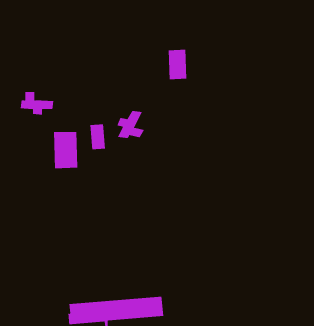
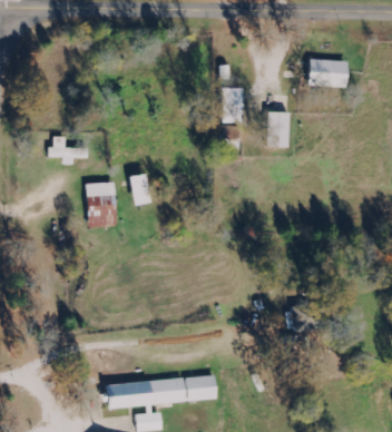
building: none -> [308,60,346,88]
building: none -> [266,112,288,148]
building: [116,110,145,139] -> none

